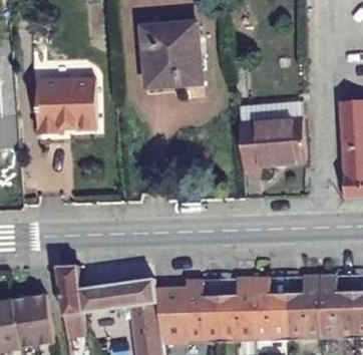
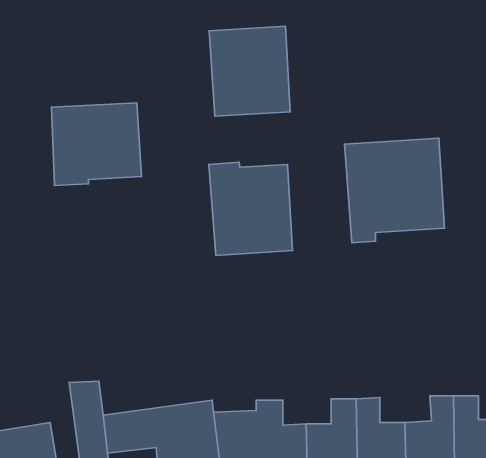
building: none -> [209,162,292,256]

